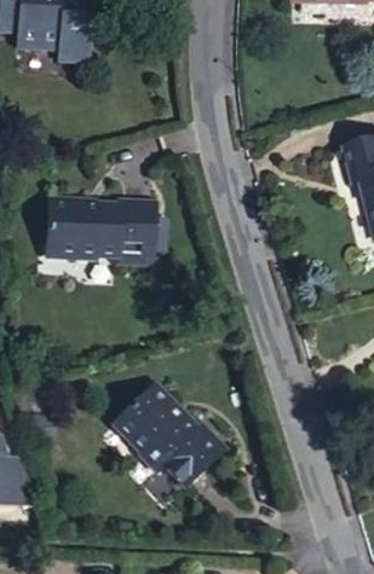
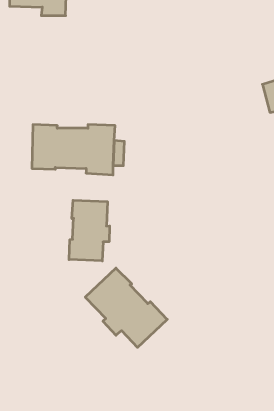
building: none -> [69,200,110,261]

